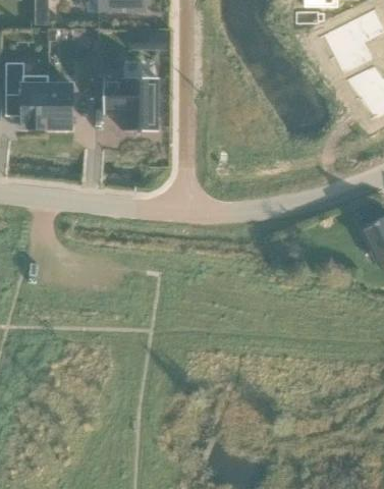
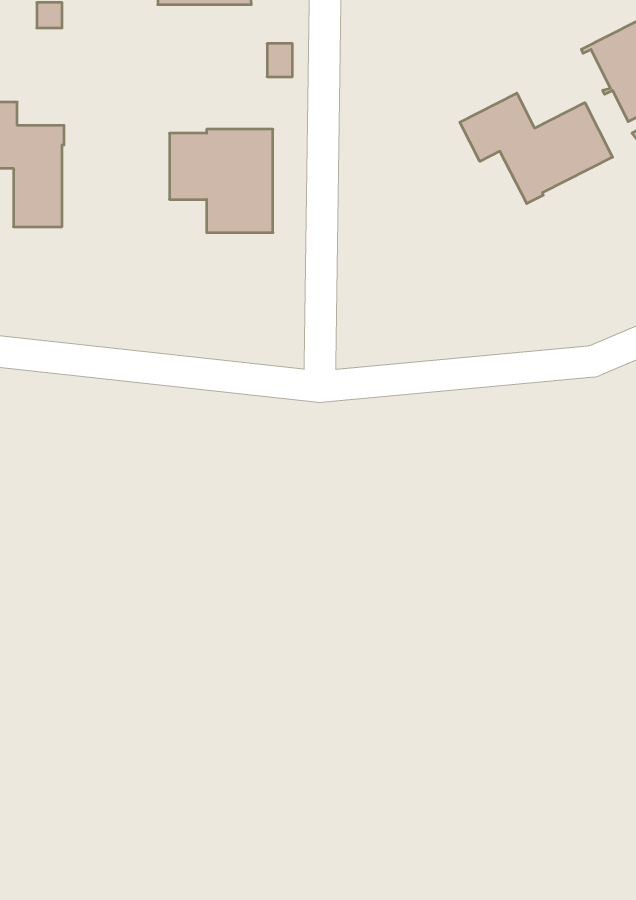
building: none -> [460,93,613,204]
building: [48,85,73,127] -> none

